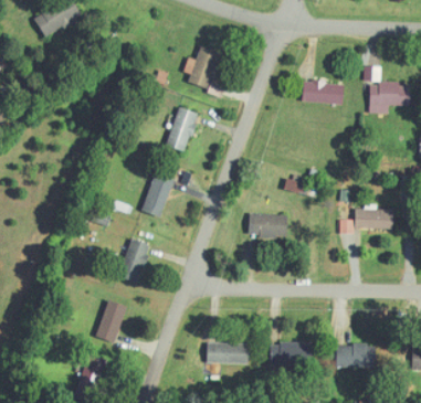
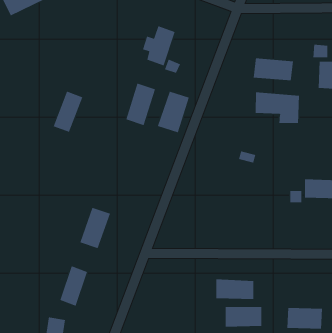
building: none -> [157,91,189,133]
building: none -> [255,91,300,124]
building: [141,173,173,218] -> [53,91,83,133]
building: [248,213,287,238] -> none
building: [207,342,248,364] -> [215,279,254,300]

